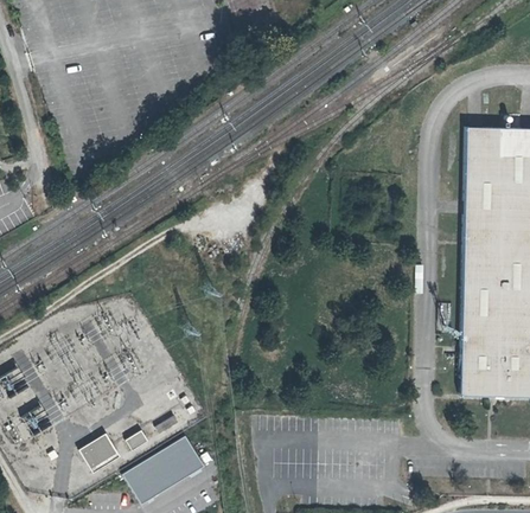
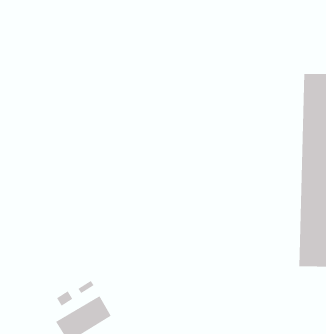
building: [78,435,117,470] -> none

